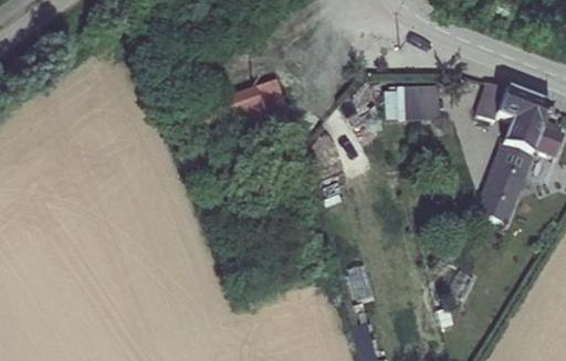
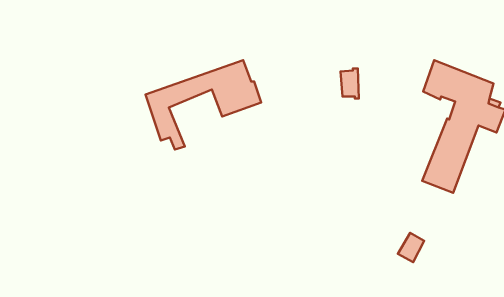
building: [403,84,441,119] -> none

